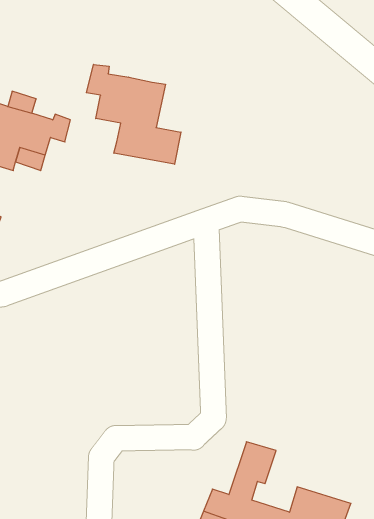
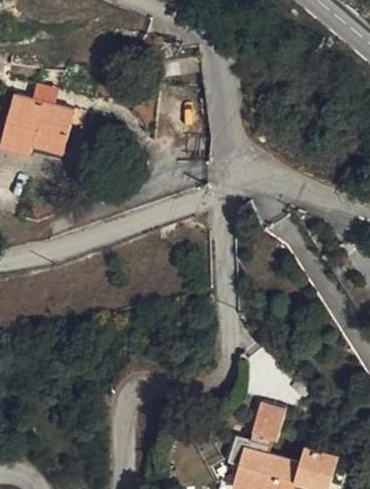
building: [86,64,181,164] -> none

